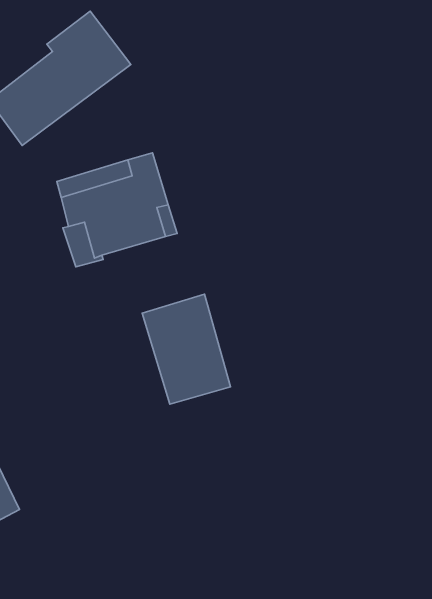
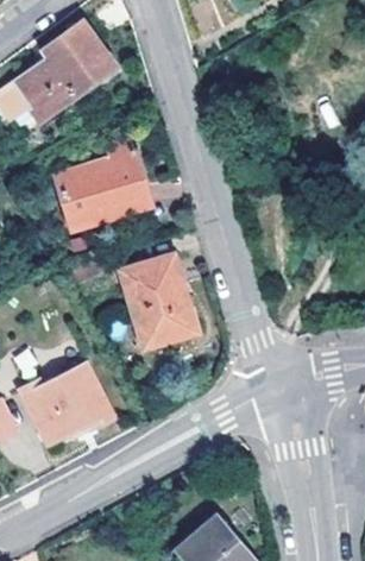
building: none -> [20,365,115,449]

